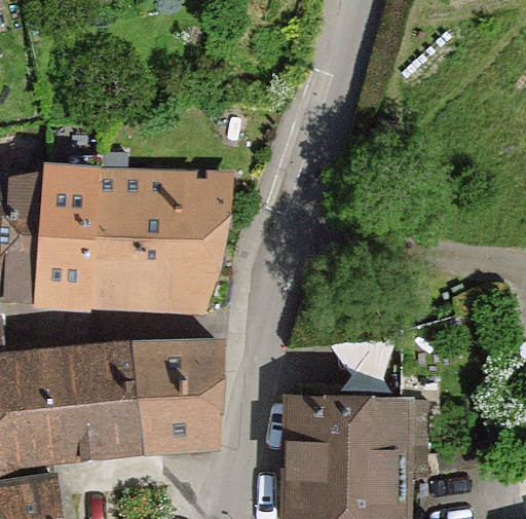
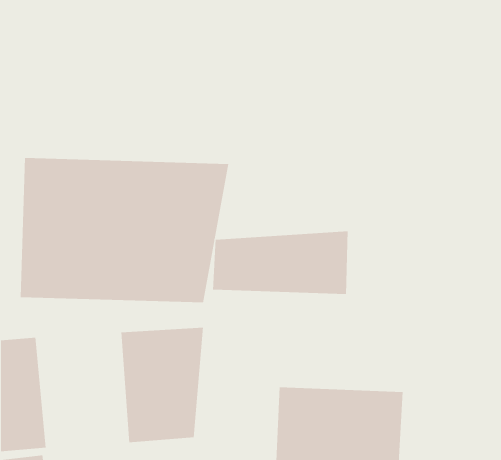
building: none -> [213,231,348,295]
building: [40,343,134,460] -> none

